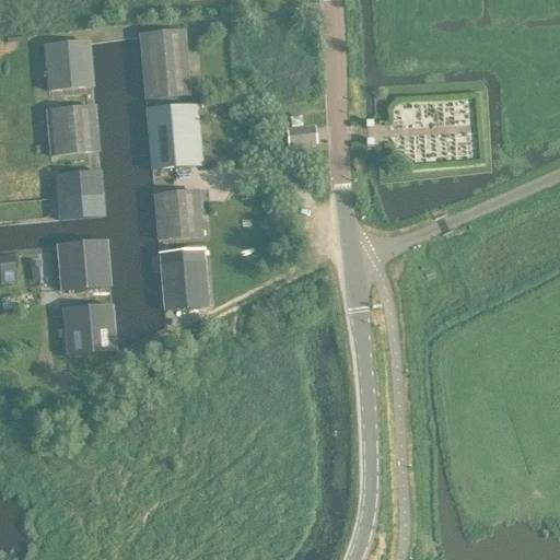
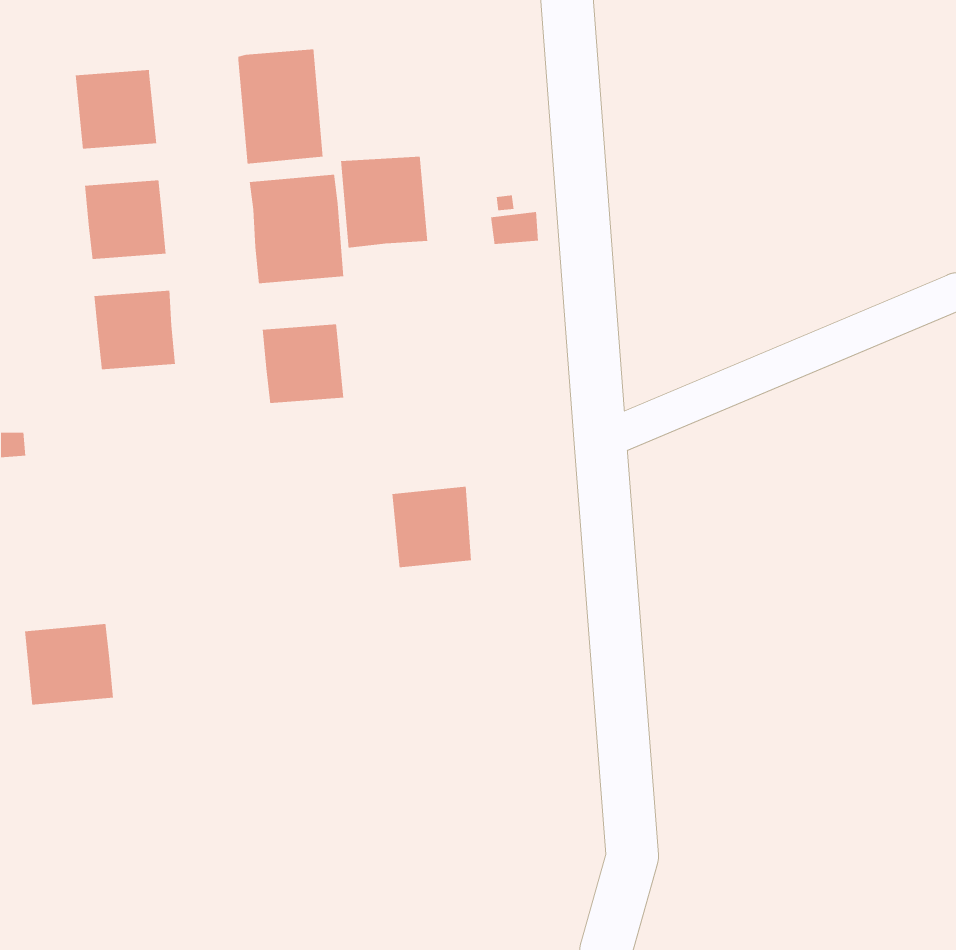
building: none -> [340,156,428,248]
building: [57,240,109,288] -> none
building: [160,259,207,307] -> [392,486,472,568]
building: [62,304,115,352] -> [24,623,114,706]

